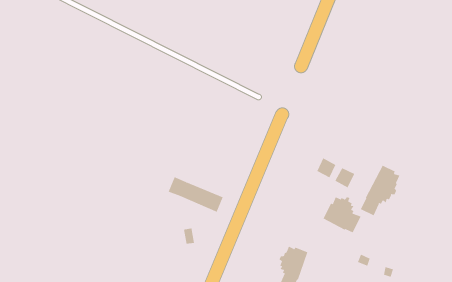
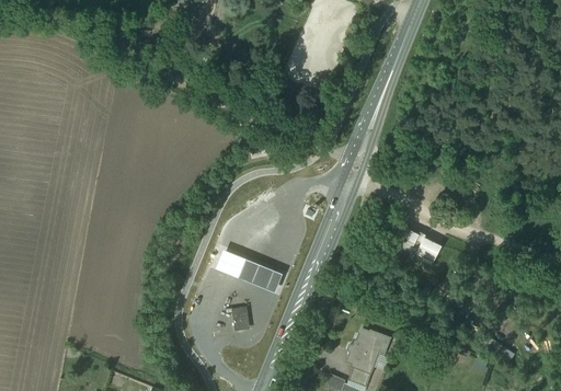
building: [360,165,400,216] -> none
building: [323,197,362,233] -> none

